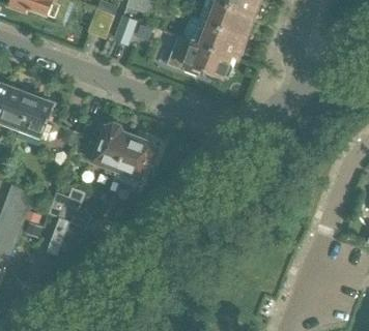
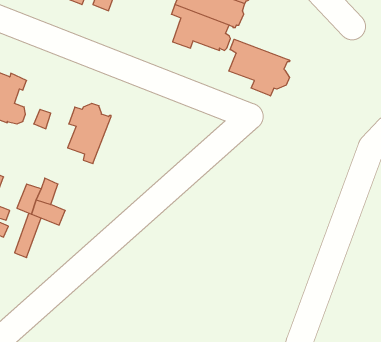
building: none -> [229,39,290,96]
building: [113,134,158,186] -> none

